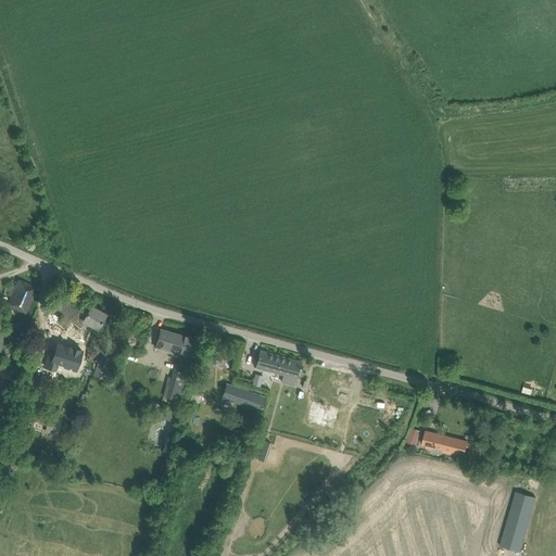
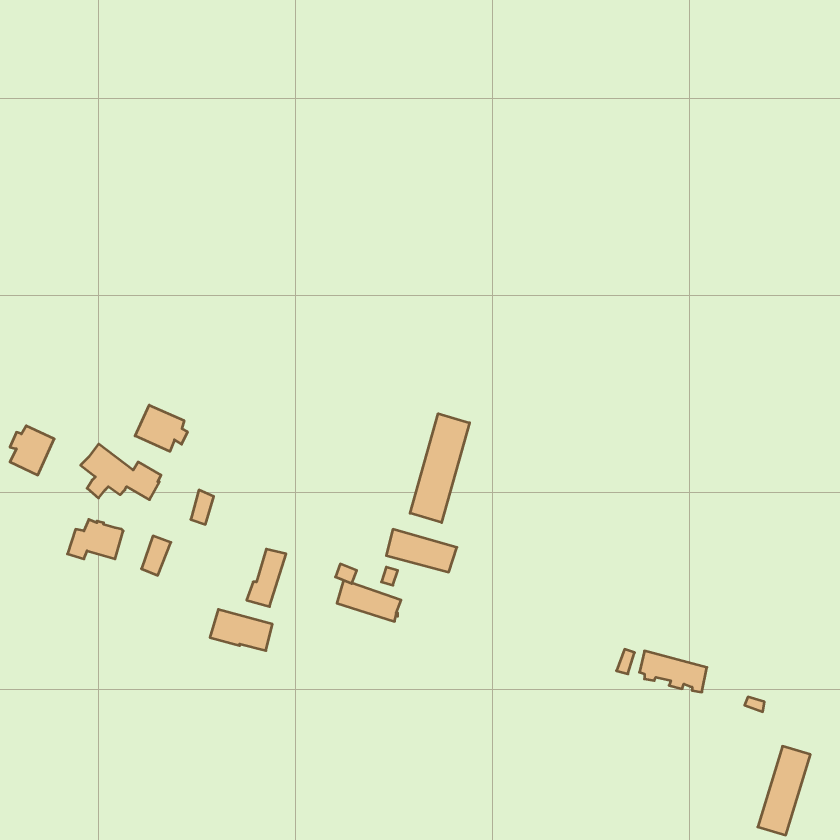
building: none -> [135,405,187,451]
building: none -> [410,414,470,523]
building: [155,329,197,356] -> [210,609,272,651]

